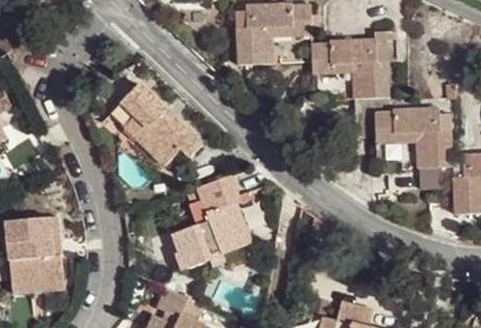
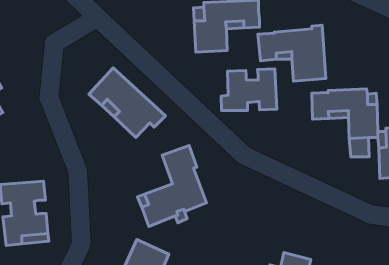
building: none -> [221,69,277,111]

